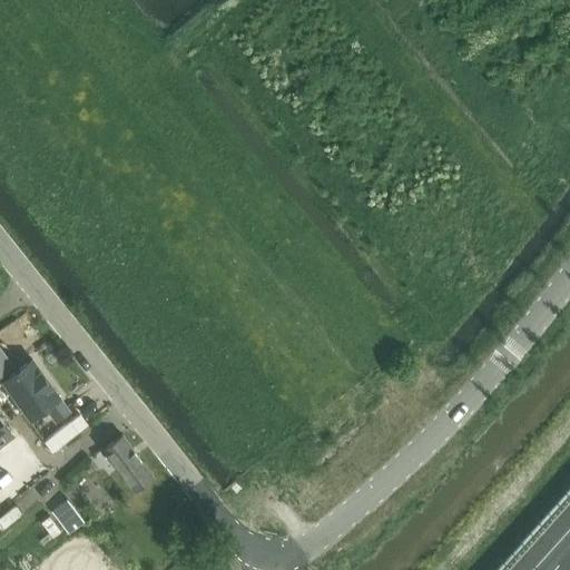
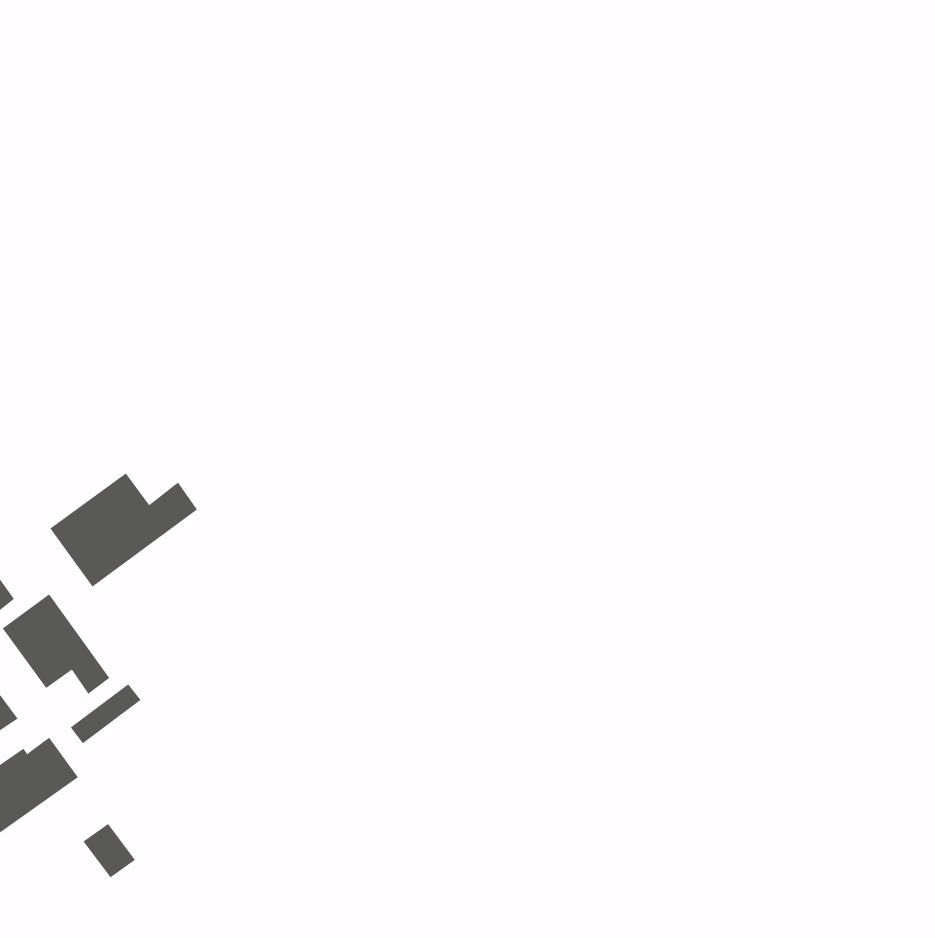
building: none -> [50,473,198,587]
building: [101,436,151,491] -> none

